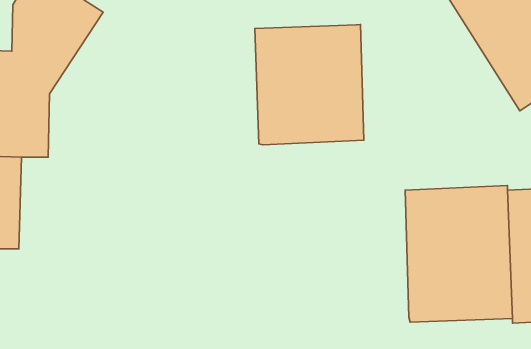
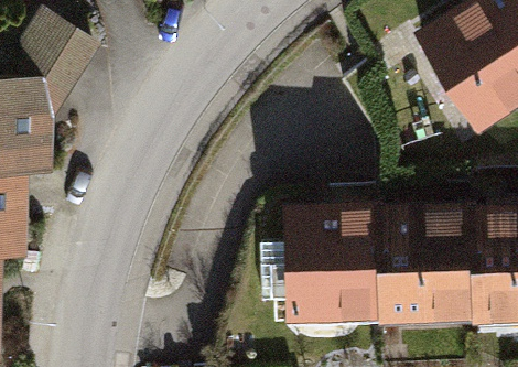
building: [255,25,364,145] -> none
building: none -> [282,201,378,323]

